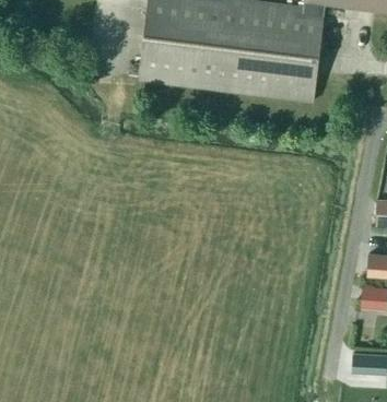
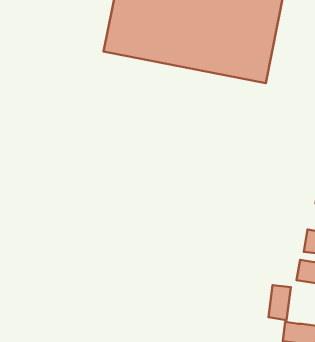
building: none -> [269,285,291,320]

